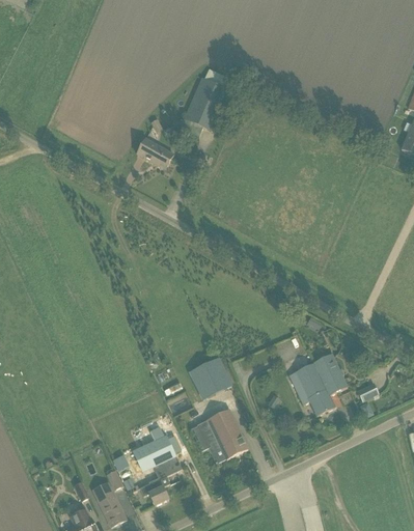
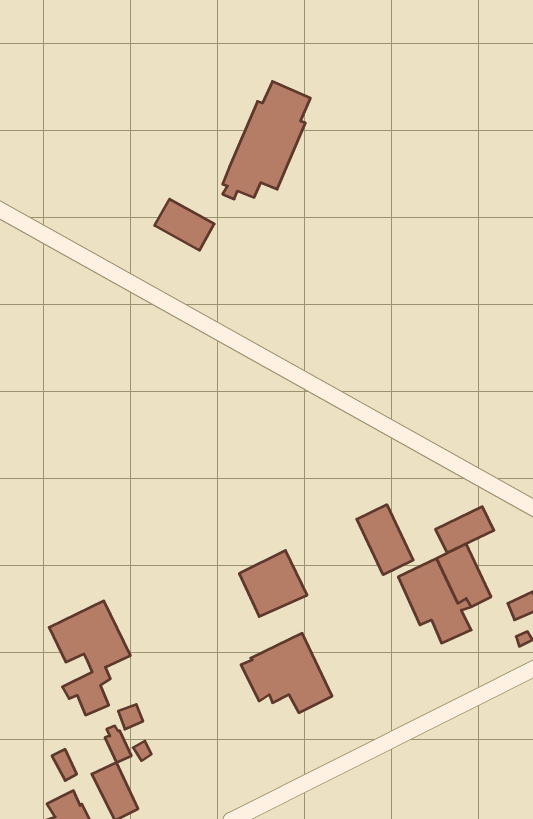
building: none -> [357,505,413,575]
building: none -> [436,507,494,553]
building: [132,434,183,505] -> [49,601,130,715]

